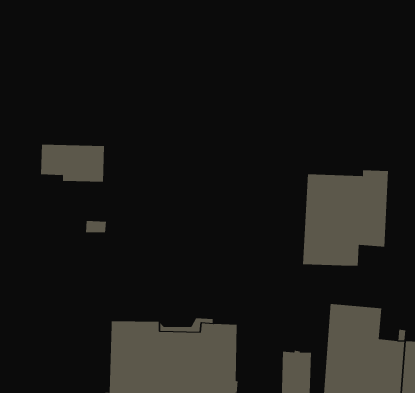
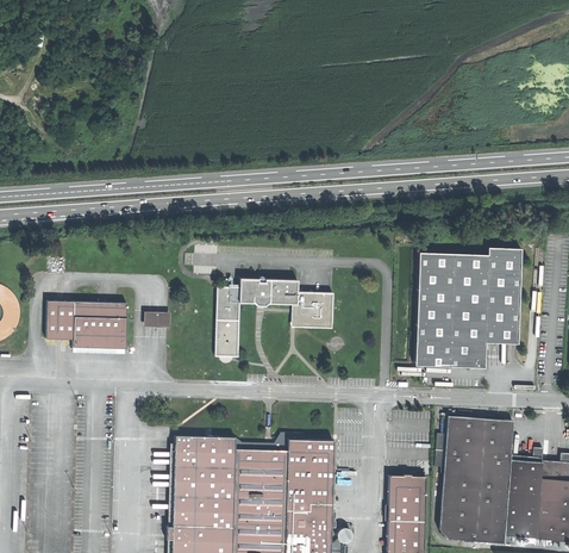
building: [40,144,105,182] -> [45,300,126,348]
building: none -> [214,278,332,356]

